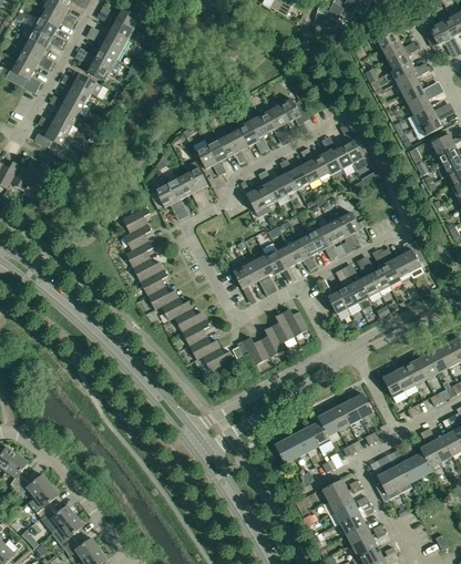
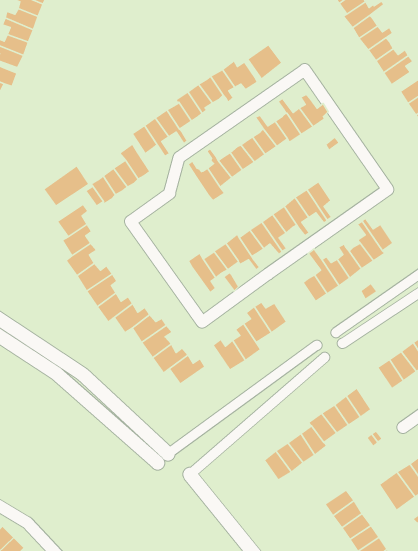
building: none -> [247,44,282,79]
building: none -> [44,165,89,206]
building: [399,242,423,277] -> none

